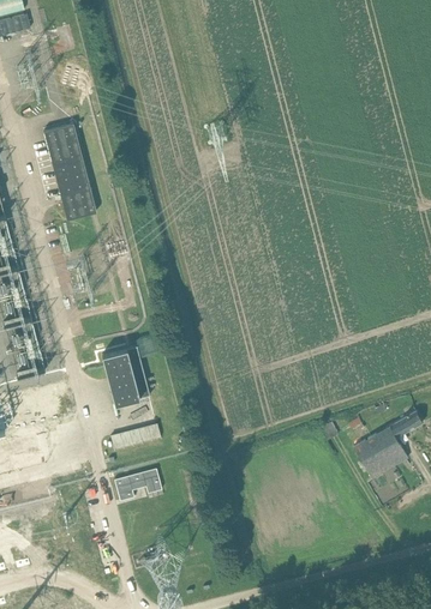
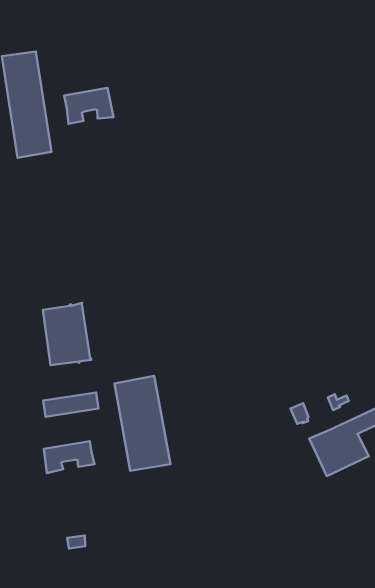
building: none -> [64,88,113,124]
building: none -> [115,376,171,471]

